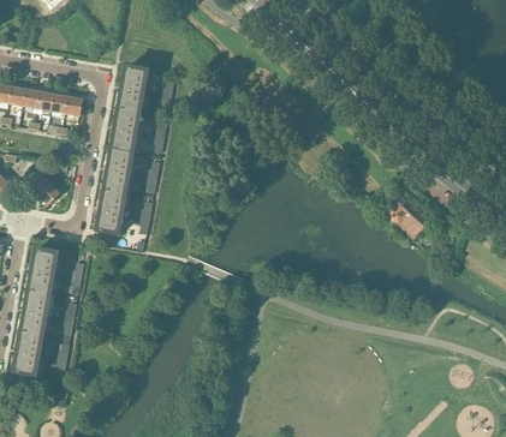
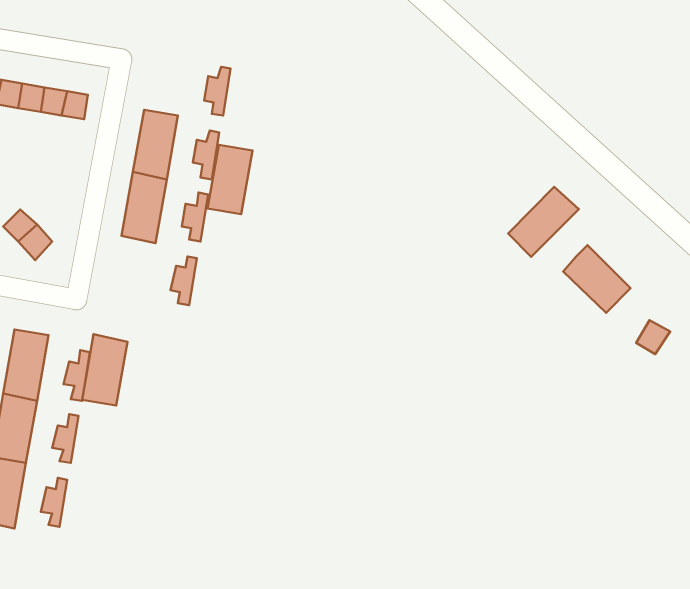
building: [119,67,148,112] -> [208,145,253,214]
building: none -> [508,187,579,257]
building: [97,188,126,234] -> [82,334,127,406]

